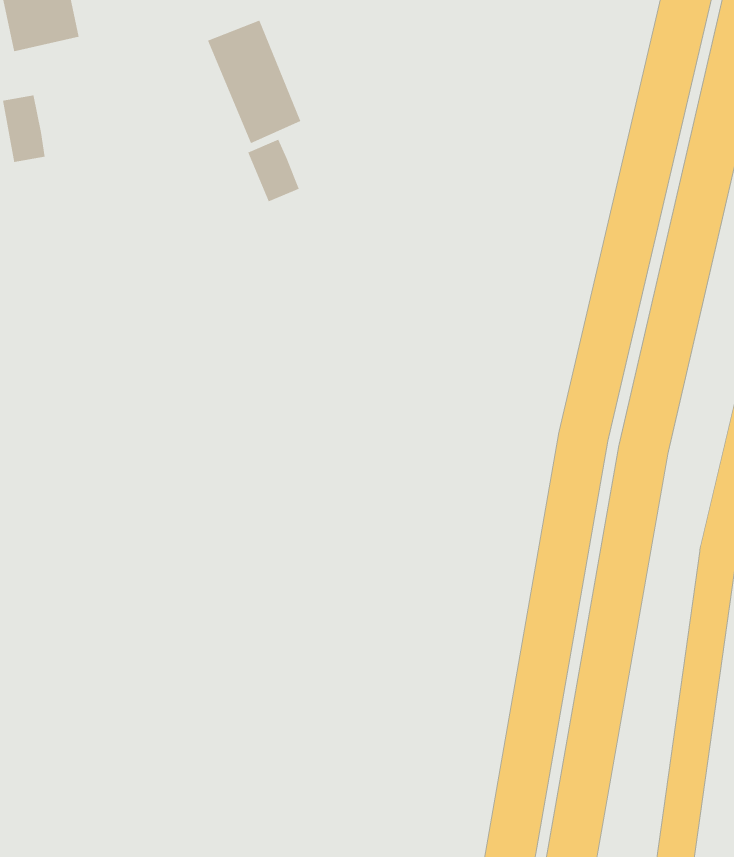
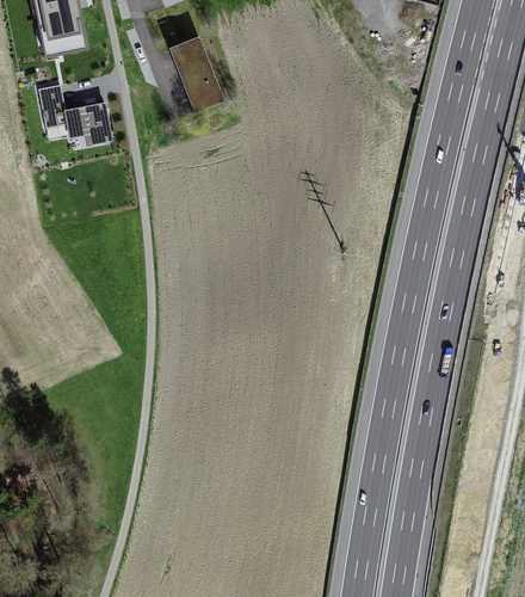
building: none -> [62,98,112,142]
building: [248,139,299,202] -> none

